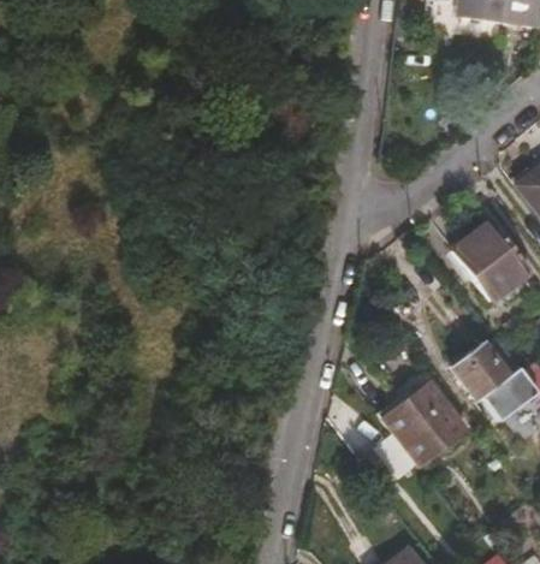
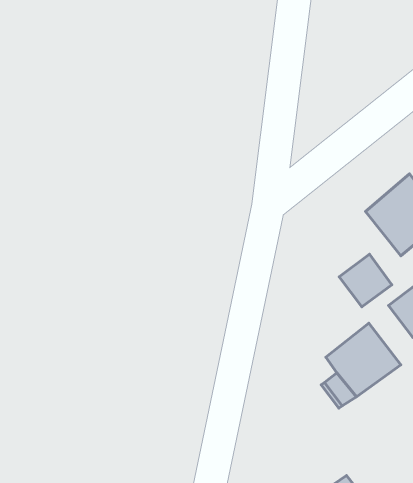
building: none -> [339,254,392,307]

